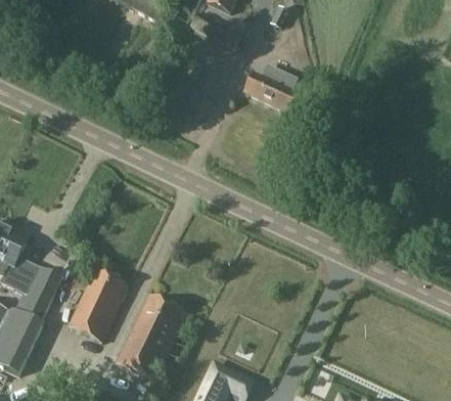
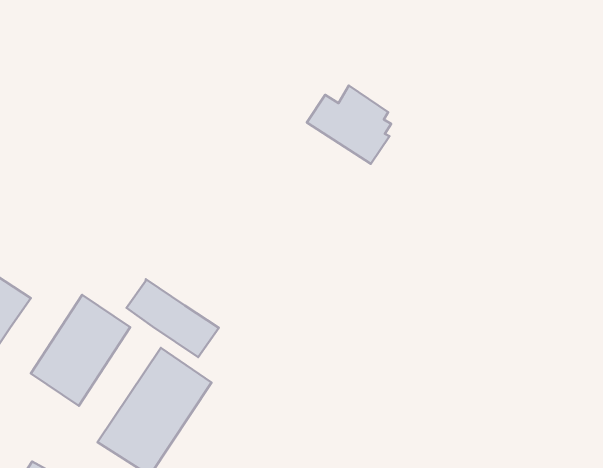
building: [244,62,299,110] -> [307,86,391,164]
building: none -> [127,279,219,357]

